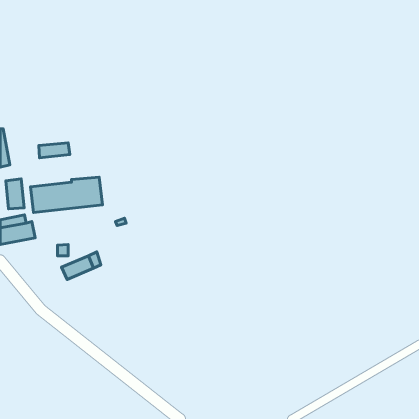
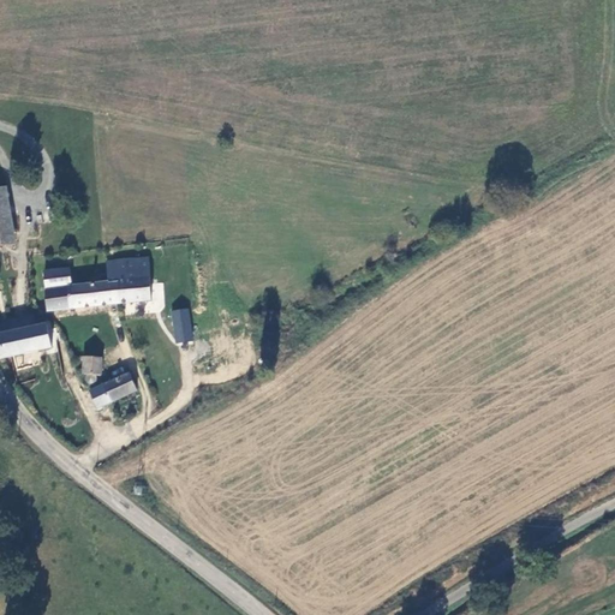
building: [39,143,70,158] -> none
building: [6,179,24,209] -> none

